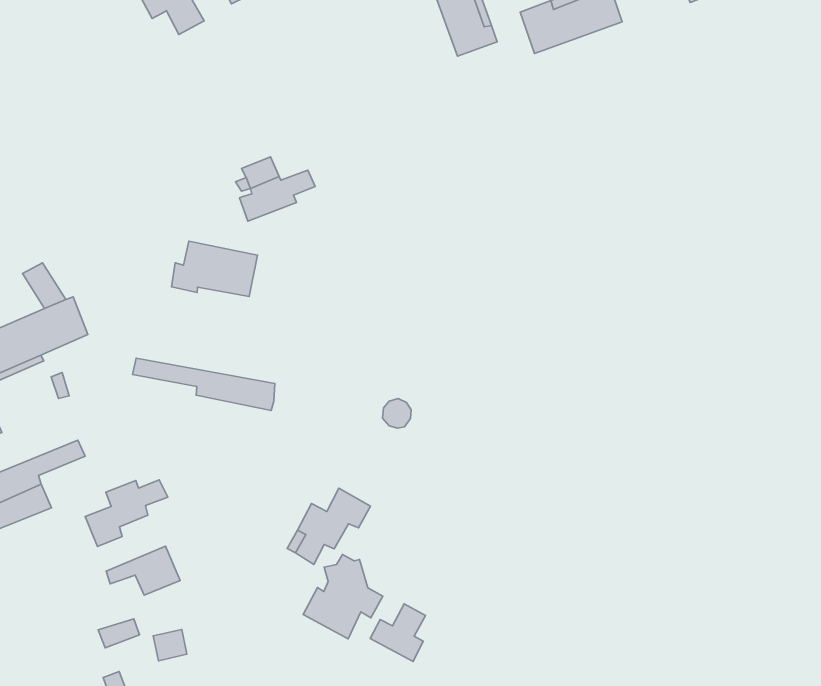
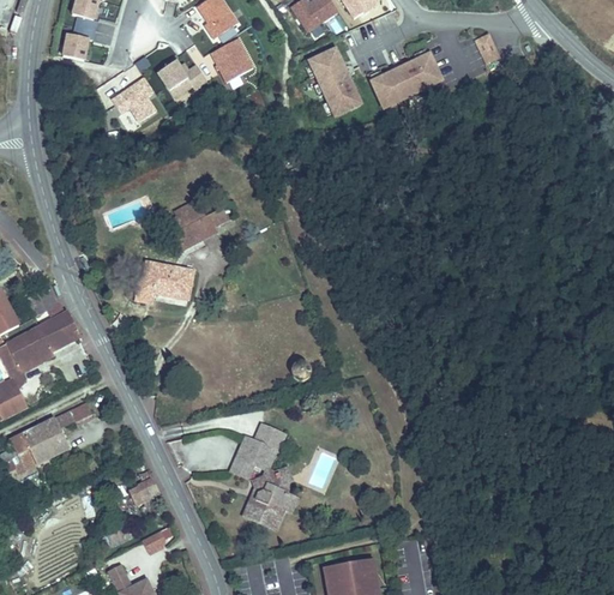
building: [132,358,275,411] -> none
building: [85,480,168,546] -> none
building: [370,604,426,662] -> none

